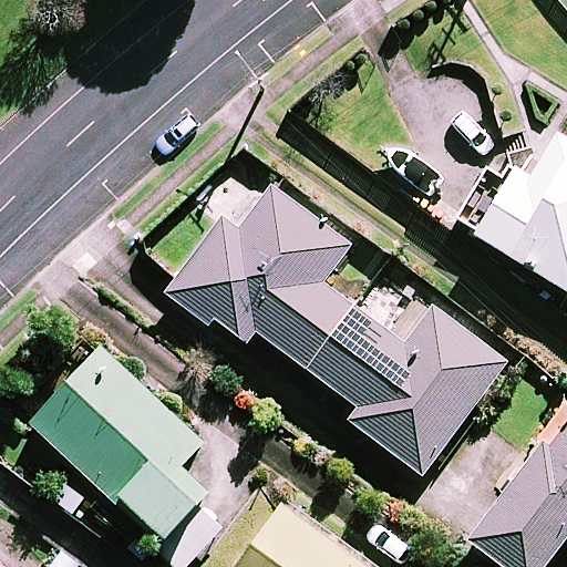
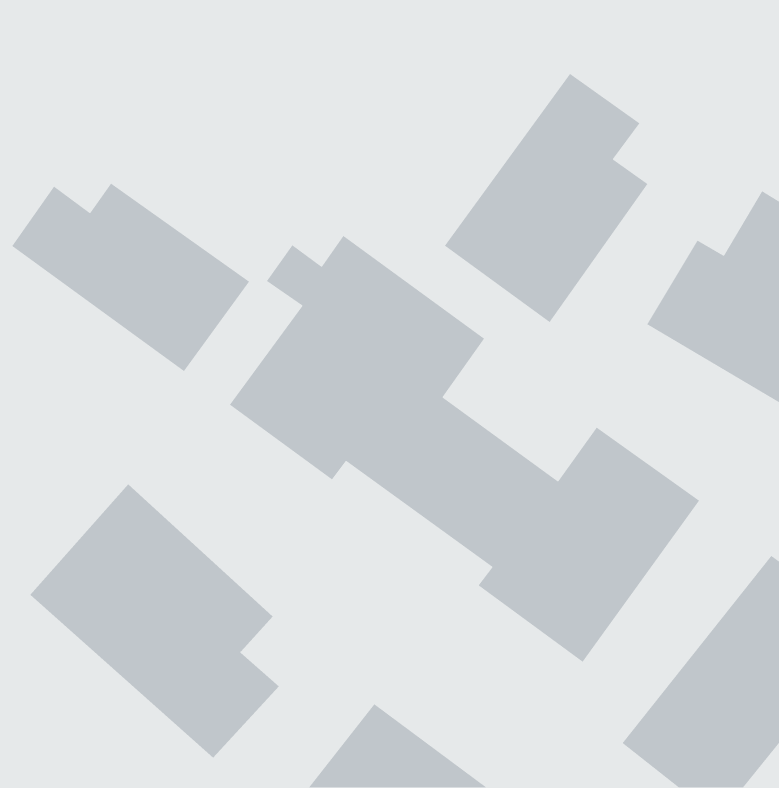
building: none -> [444,73,649,323]
building: none -> [11,182,250,372]

